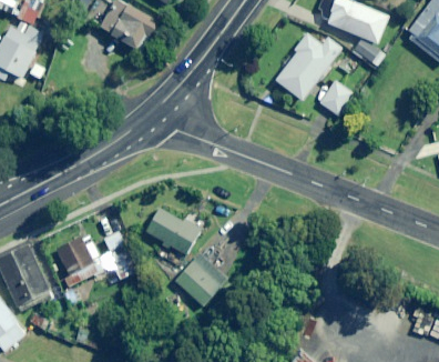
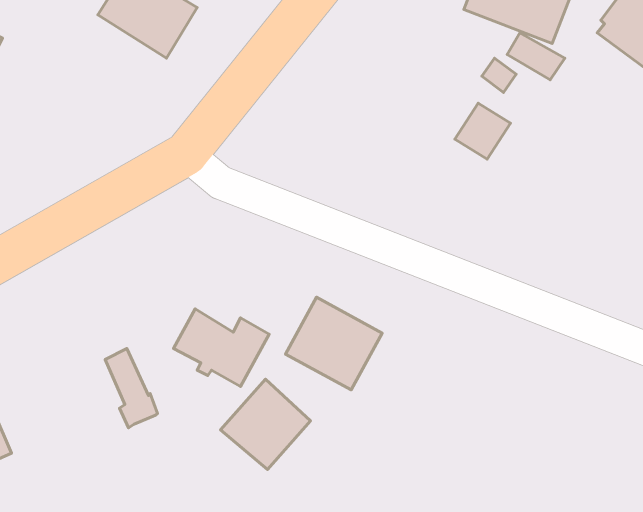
building: [275,30,344,100] -> none
building: none -> [285,297,382,390]
building: [54,232,113,288] -> none

